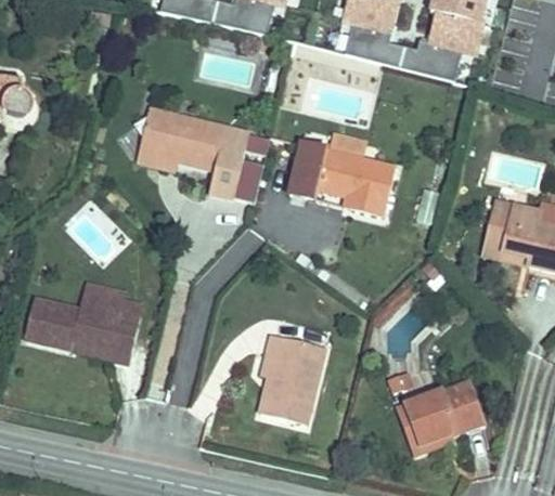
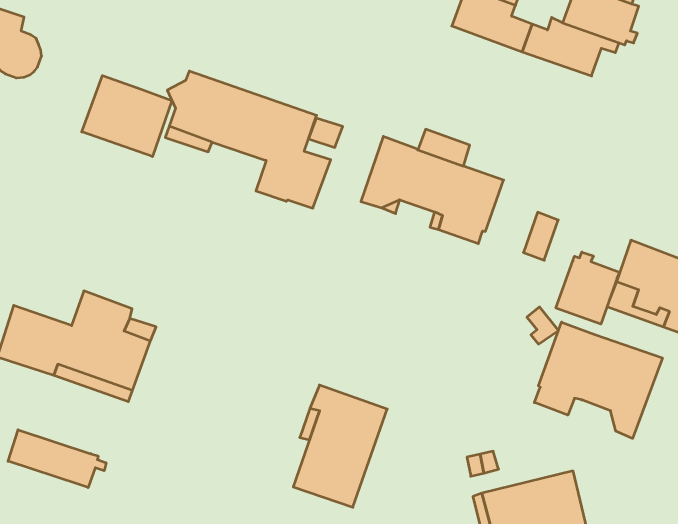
building: none -> [82,76,172,157]
building: none -> [556,252,619,324]
building: none -> [534,322,662,438]
building: none -> [8,430,106,488]

